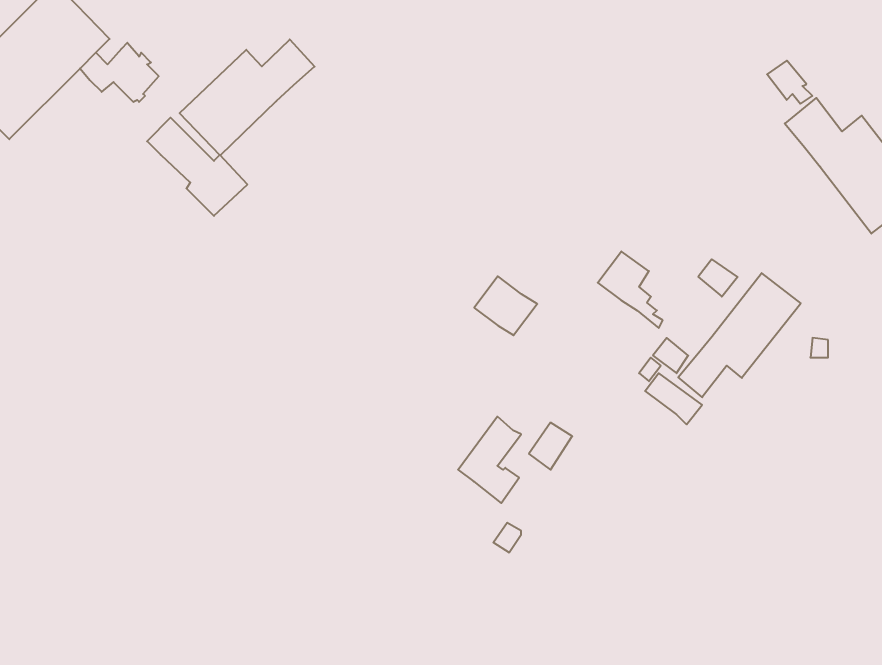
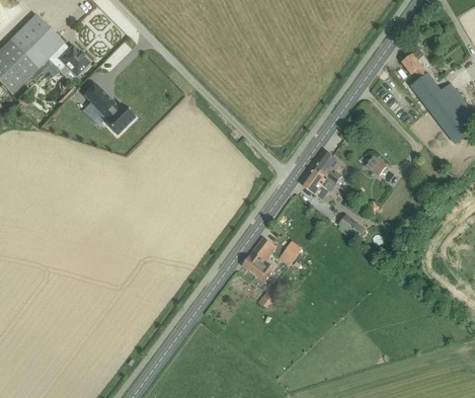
building: [180,39,315,155] -> none
building: [678,273,801,397] -> none
building: [474,276,537,335] -> [303,168,335,198]

